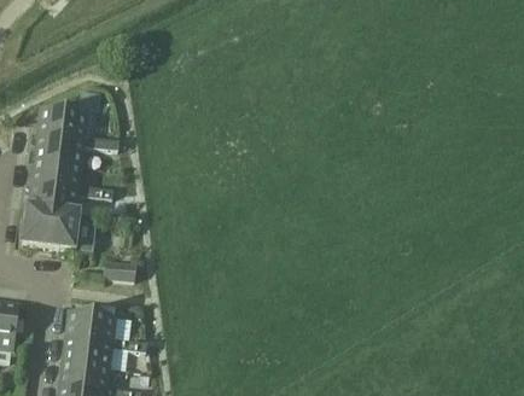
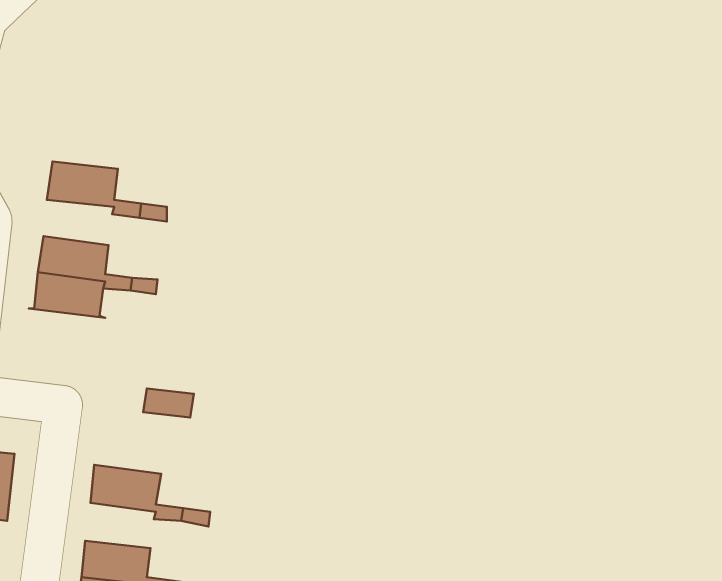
building: [36,135,83,165] -> none
building: [22,208,77,250] -> none
building: [64,337,111,367] -> none

